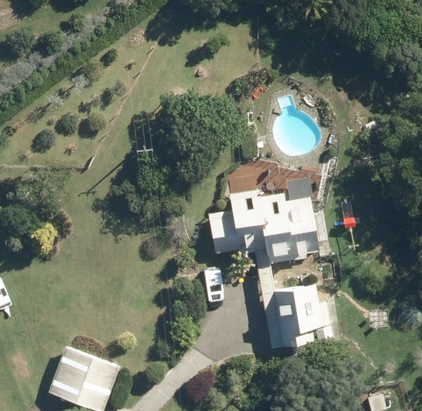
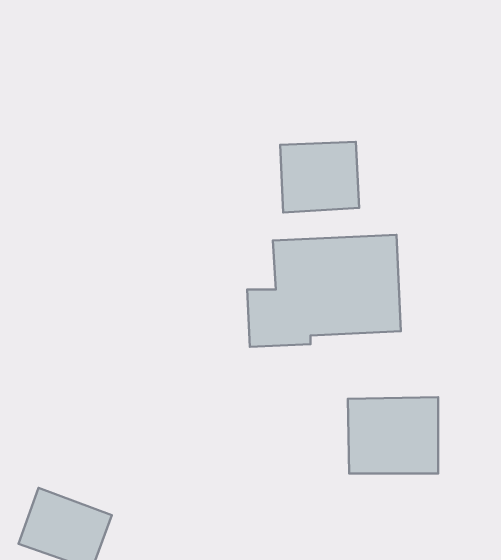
building: none -> [280,142,359,212]

